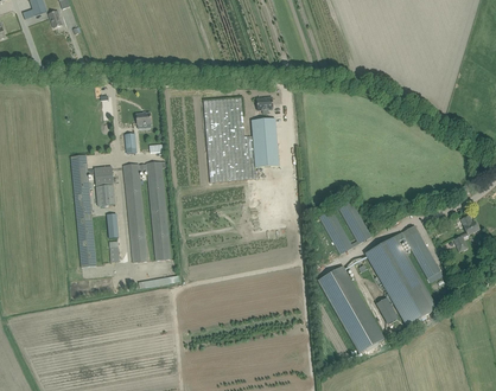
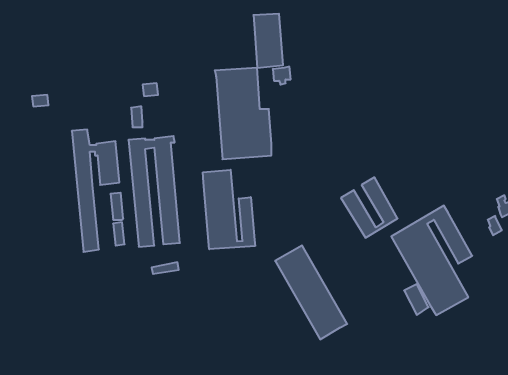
building: [252,117,279,167] -> [253,14,283,68]
building: none -> [203,170,255,249]
building: [318,265,384,352] -> [275,245,347,339]

